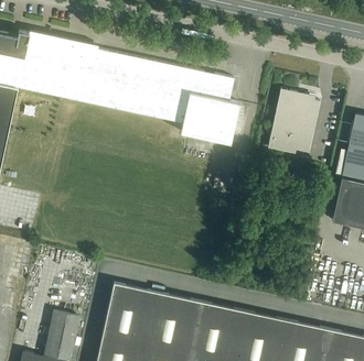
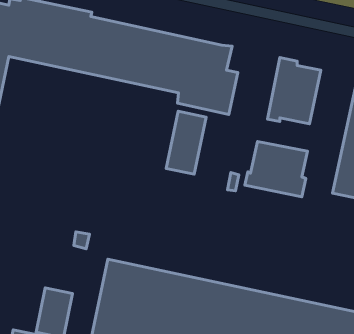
building: none -> [166,111,206,174]
building: none -> [245,141,307,197]

